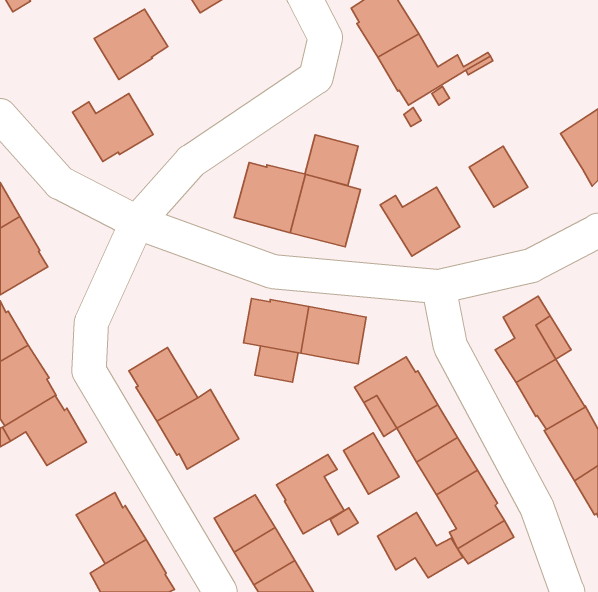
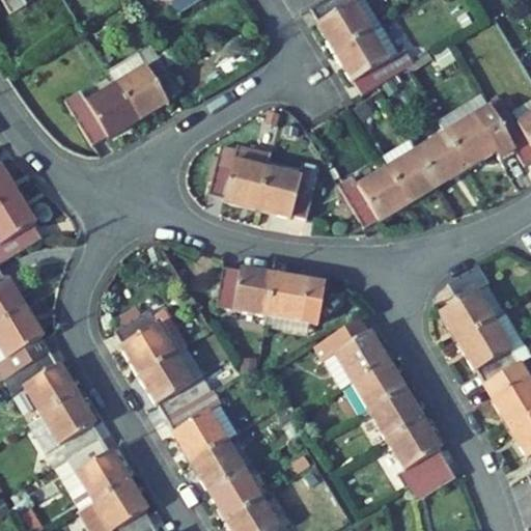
building: [94,9,168,79] -> [114,57,179,119]
building: none -> [446,105,516,166]
building: [305,135,358,186] -> none
building: none -> [381,137,438,201]
building: [255,346,298,382] -> none
building: [344,433,399,494] -> none
building: none -> [28,392,102,465]
building: [276,454,344,534] -> [166,389,226,459]
building: [377,513,463,578] -> none

